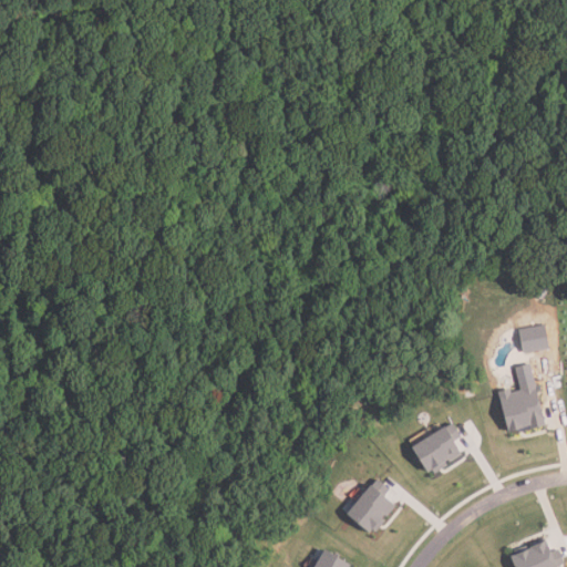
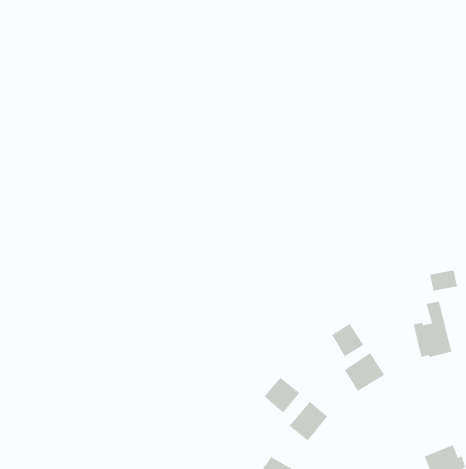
building: none -> [331,323,364,357]
building: none -> [264,377,301,414]

